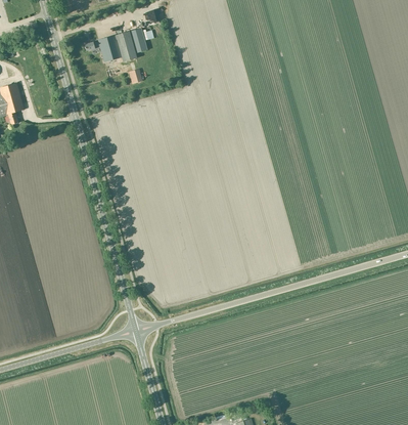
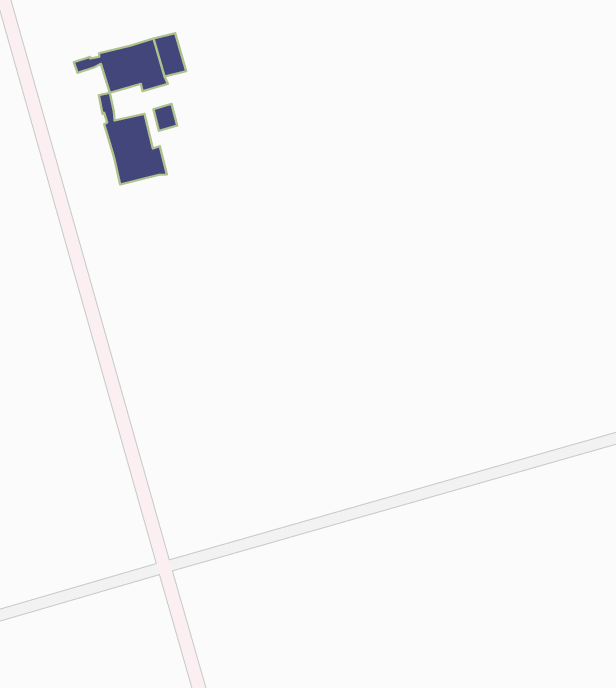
building: none -> [99,93,167,184]

